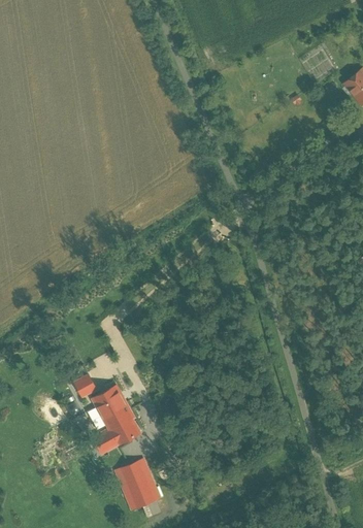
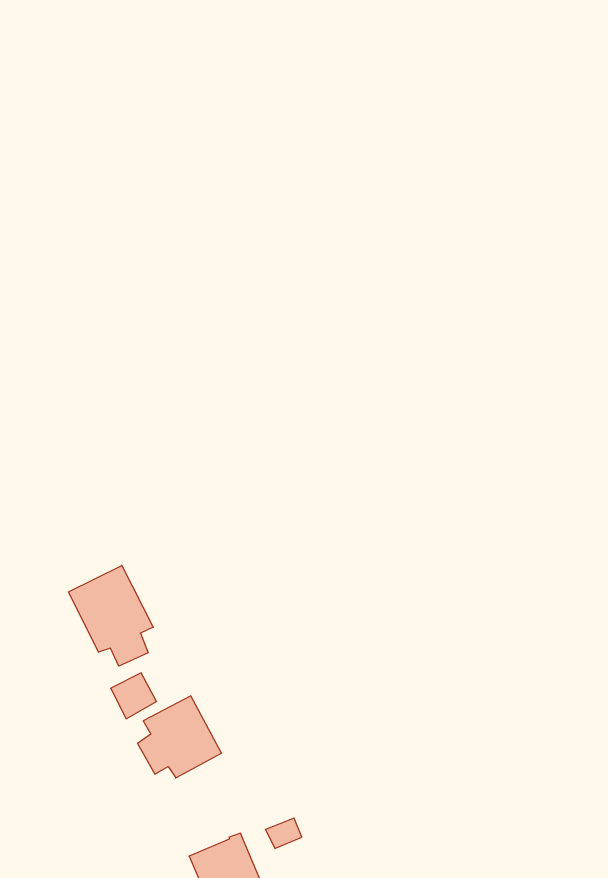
building: none -> [69,565,153,666]
building: [94,416,139,453] -> none

